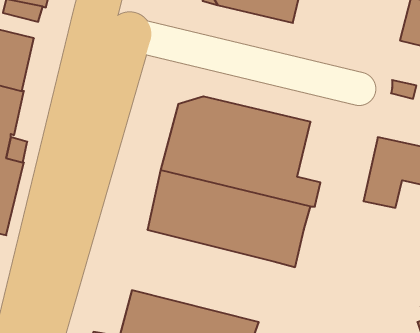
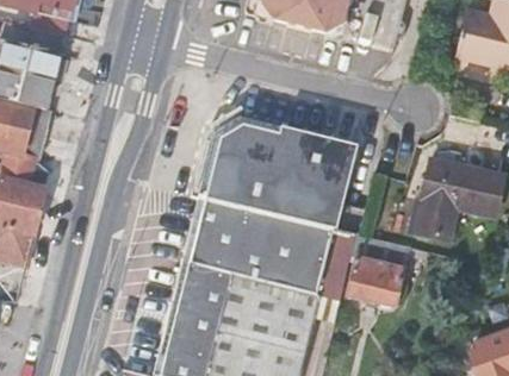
building: none -> [349,236,410,307]
building: none -> [166,261,319,361]

